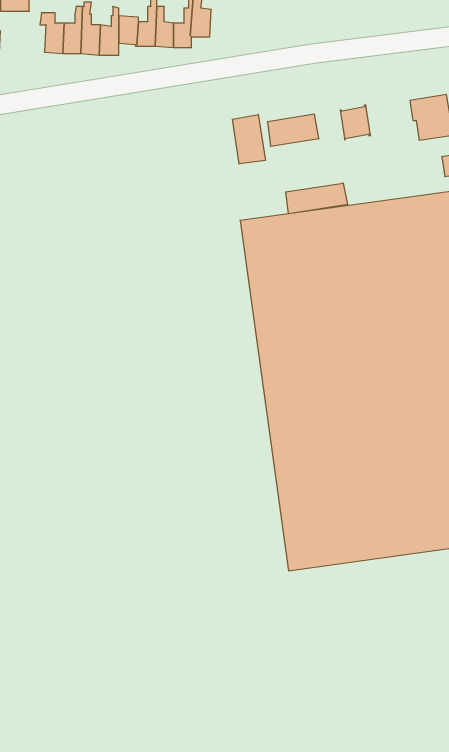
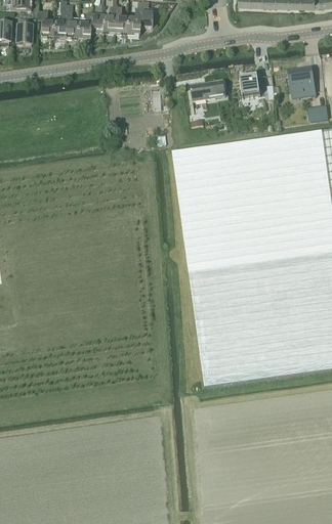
building: none -> [15,17,36,45]
building: [232,114,265,164] -> none
building: [286,183,347,214] -> none

